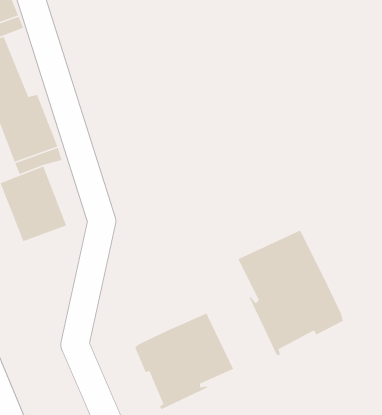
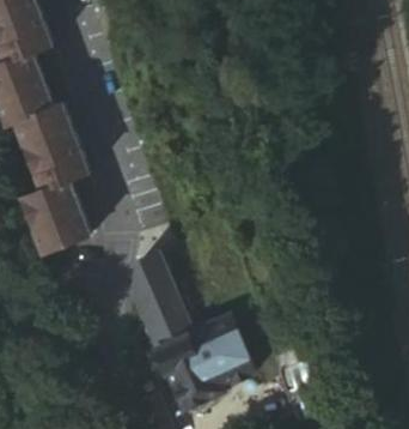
building: [237,229,344,356] -> none
building: none -> [130,254,184,346]

